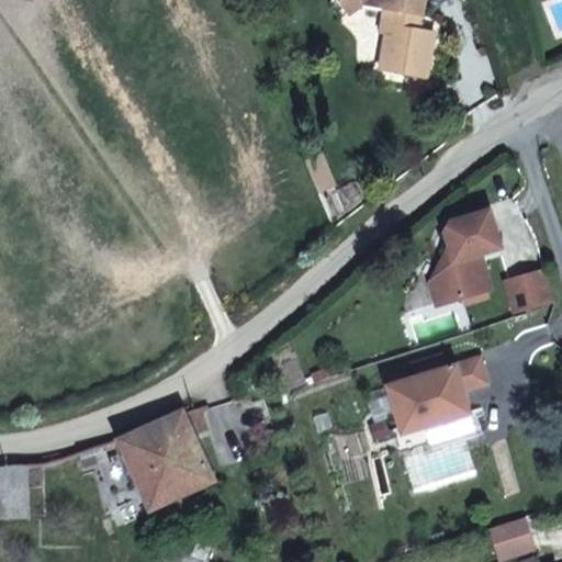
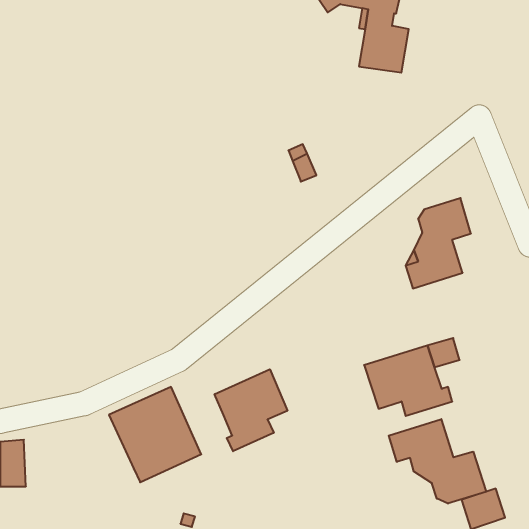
building: [503,269,551,313] -> none
building: none -> [215,369,287,451]
building: none -> [389,419,486,504]

